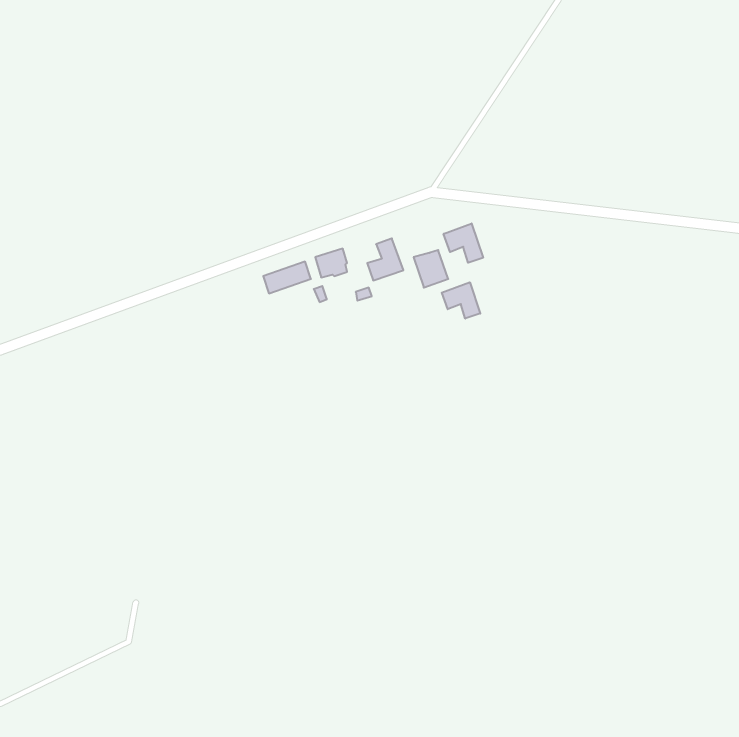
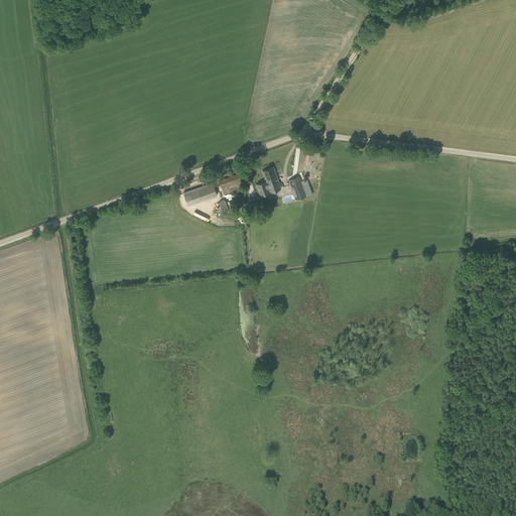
building: [444,223,483,263] -> none
building: [442,282,480,319] -> none

